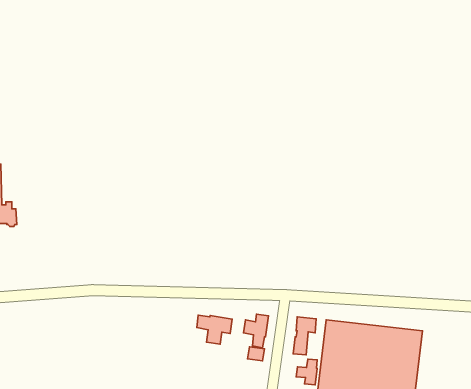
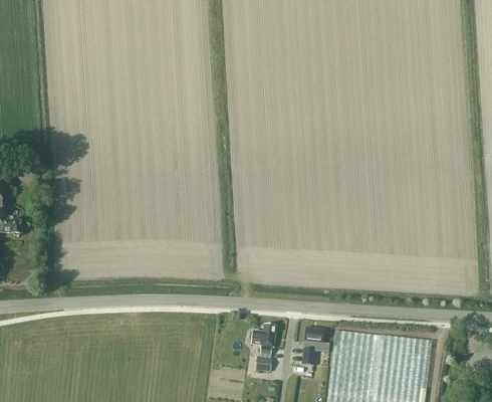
building: [197,315,232,344] -> none
building: [296,359,317,385] -> none

